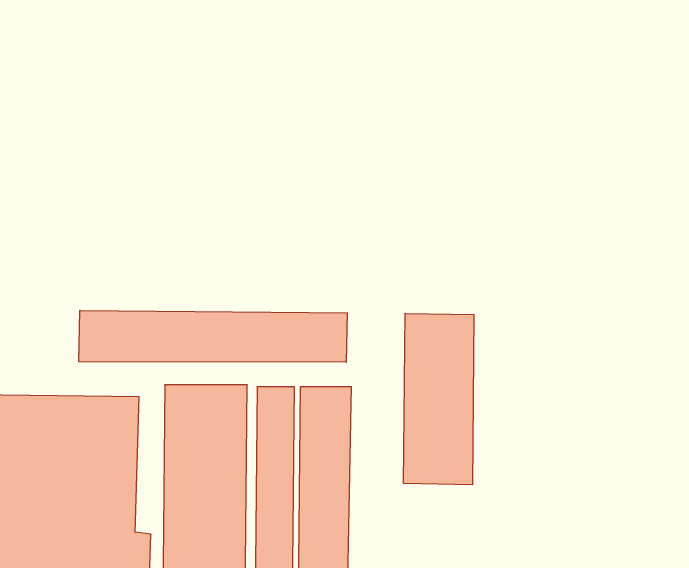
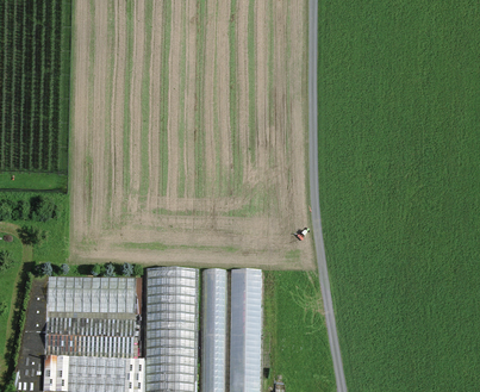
building: [79,310,347,362] -> none
building: [404,313,474,485] -> none

